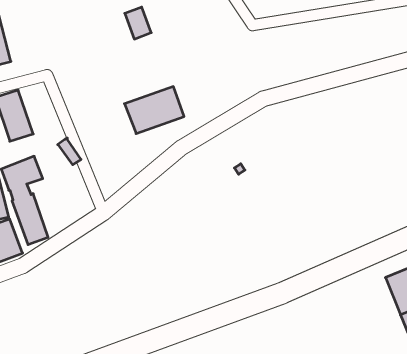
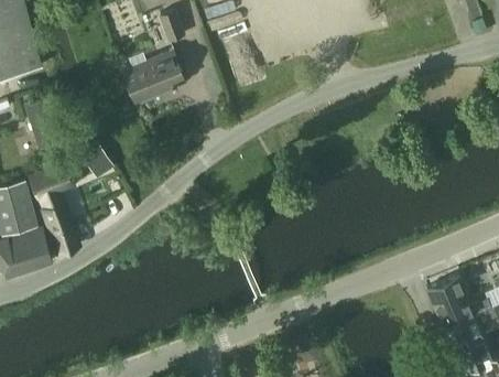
building: [124,87,184,134] -> [123,52,185,100]

